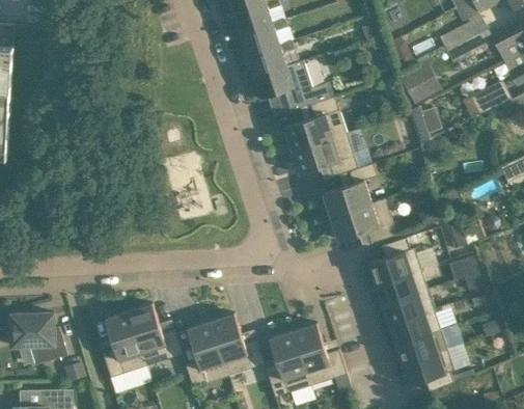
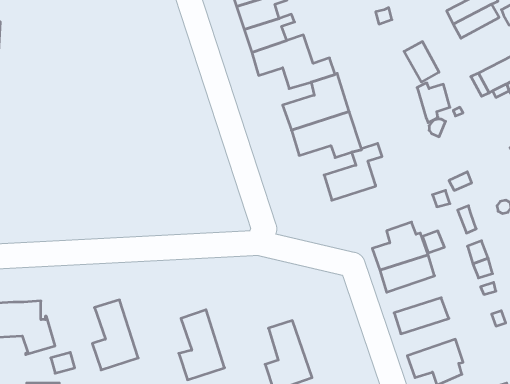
building: [329,198,395,243] -> none
building: [381,289,433,324] -> none
building: [128,303,182,366] -> none
building: [210,313,264,376] -> none
building: [292,323,346,385] -> none
building: [394,329,446,364] -> none

